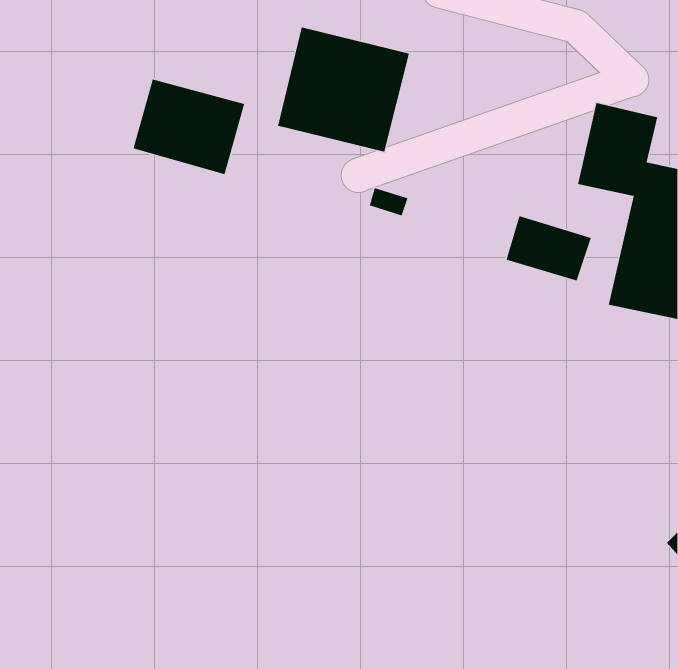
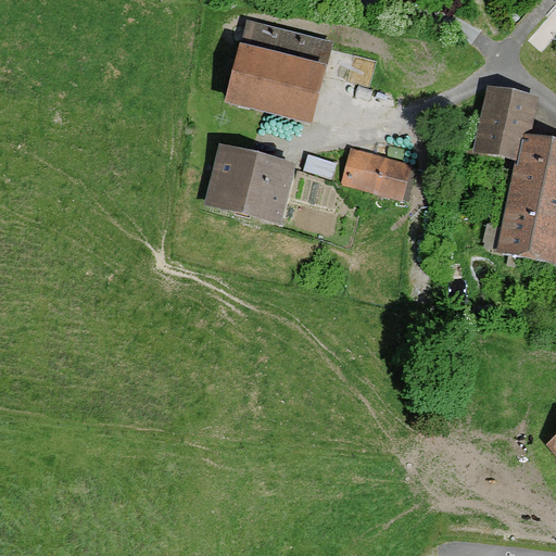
building: [132,78,245,175] -> [204,144,296,224]
building: [506,215,592,281] -> [338,147,408,201]

